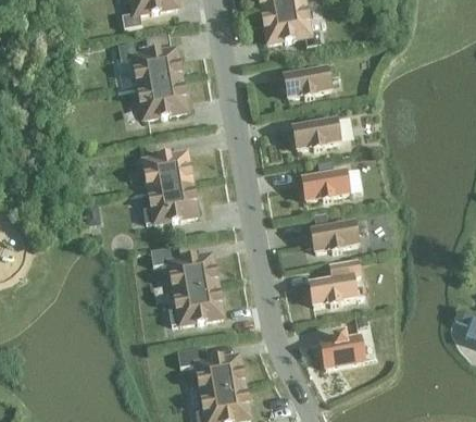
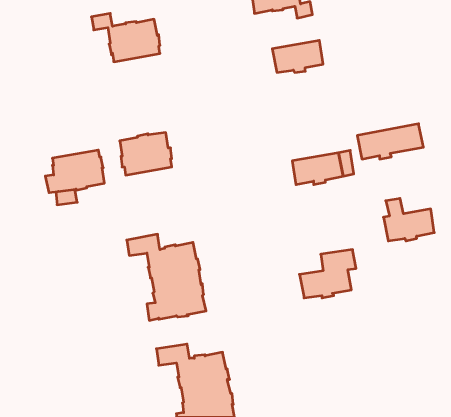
building: [137,79,186,119] -> none
building: [291,116,352,149] -> [357,124,423,159]
building: [141,184,196,223] -> [45,150,104,193]
building: [310,212,356,251] -> [383,198,434,241]
building: [320,335,362,368] -> none

